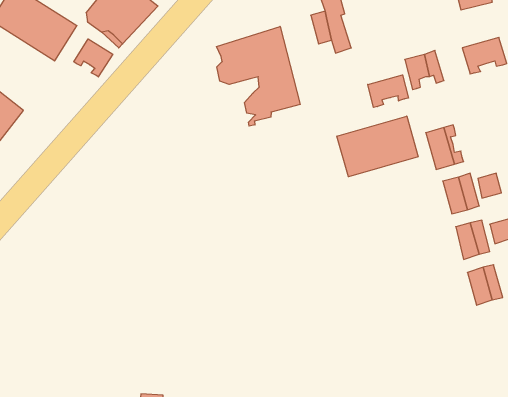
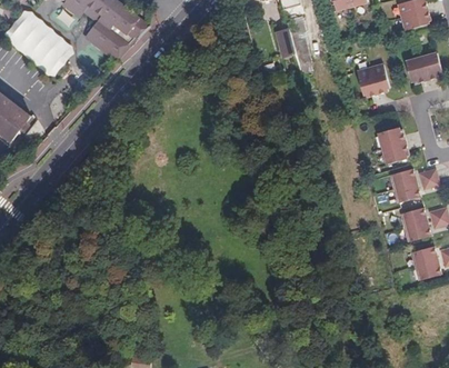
building: [216,26,300,126] -> none
building: [74,39,113,77] -> none
building: [368,75,408,107] -> none
building: [337,116,418,177] -> none

